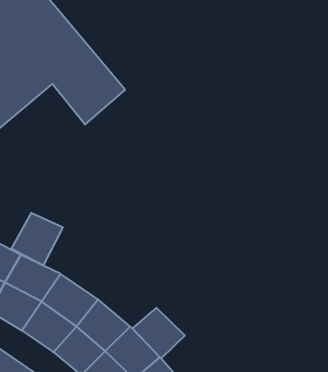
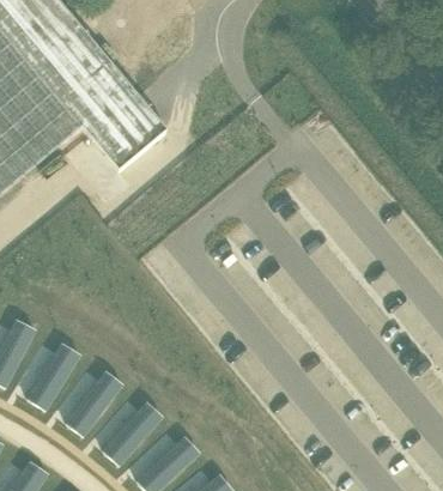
building: [11,213,63,266] -> none
building: [133,308,185,359] -> none

